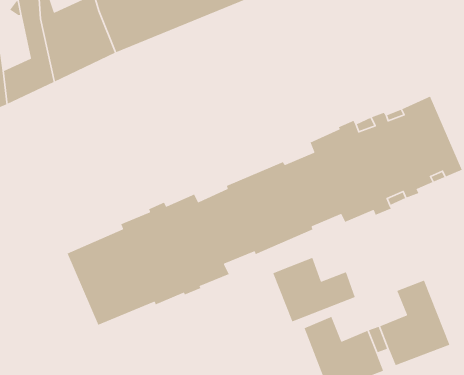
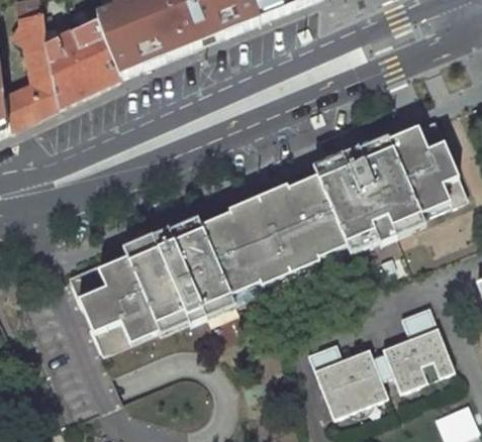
building: [272,257,356,322] -> none

